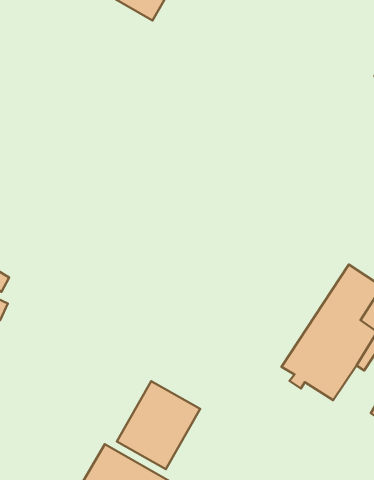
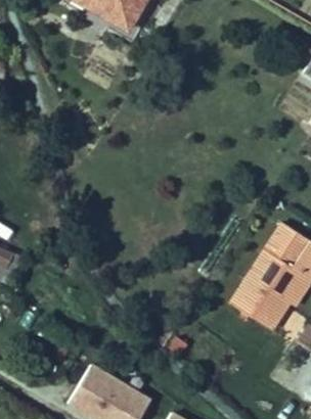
building: [117,381,200,469] -> none

